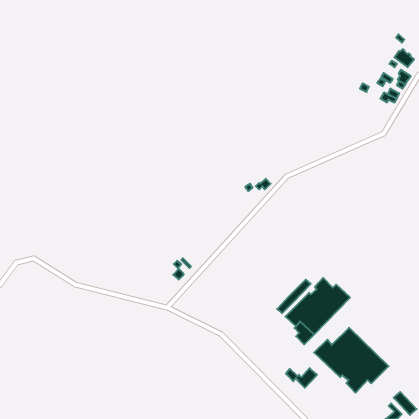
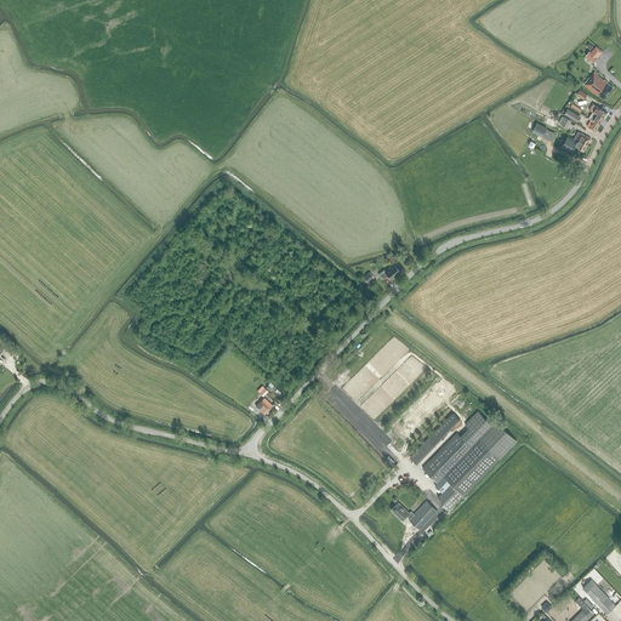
building: [314,328,389,393] -> none
building: [286,368,317,388] -> [392,501,438,530]

